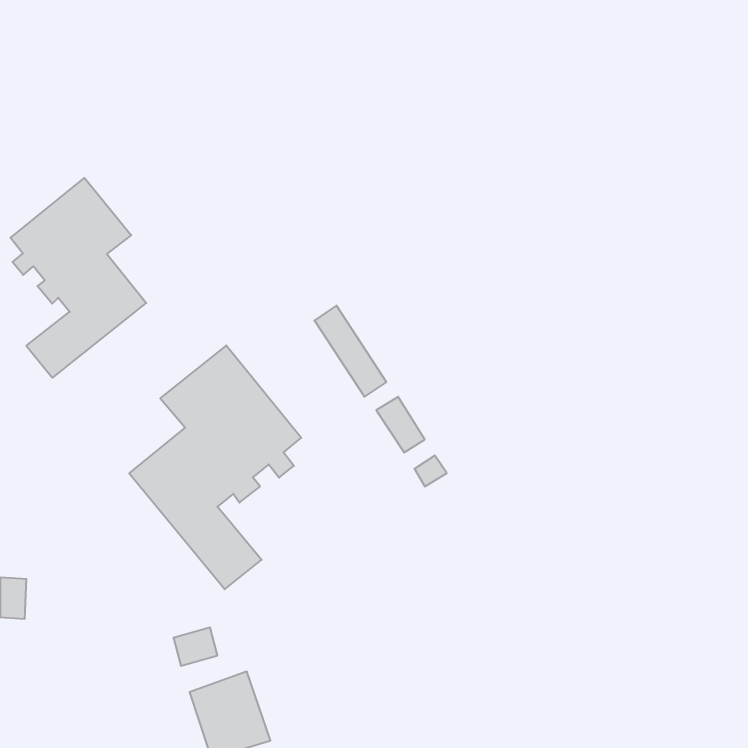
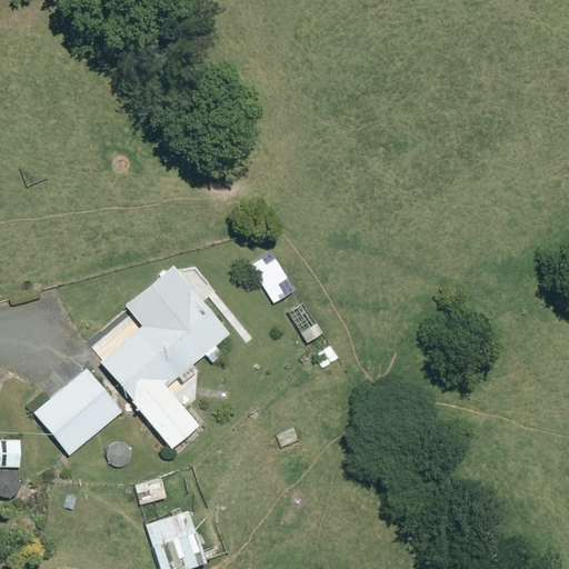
building: [10,178,146,378] -> none
building: none -> [32,368,122,455]

